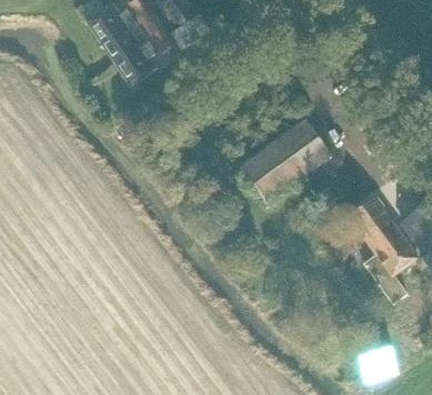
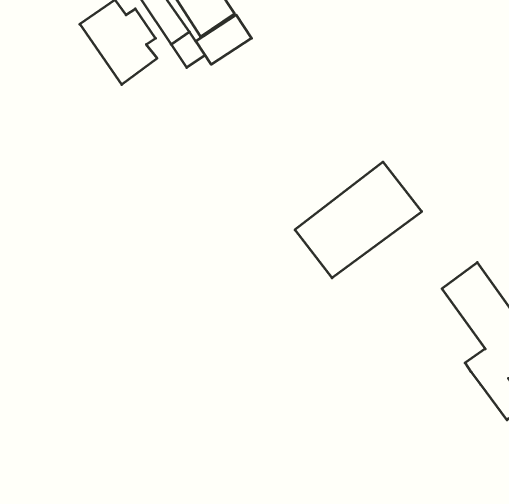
building: [115,40,157,84] -> none

